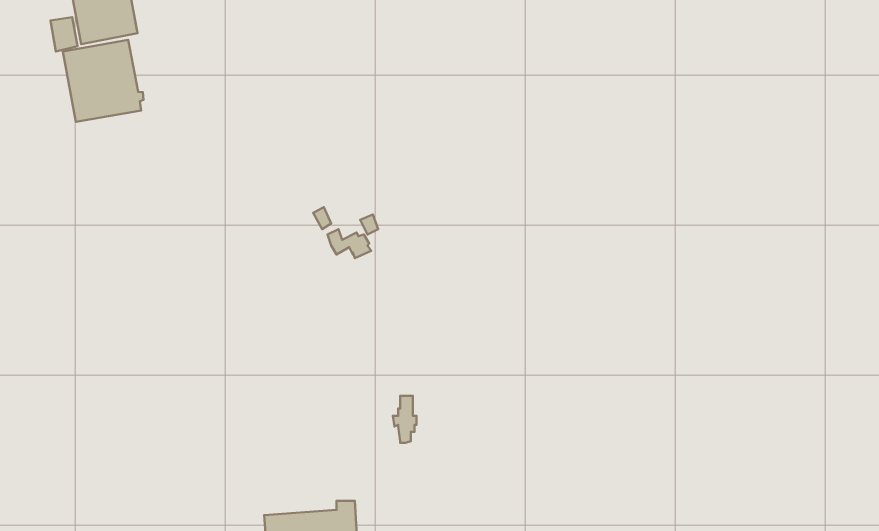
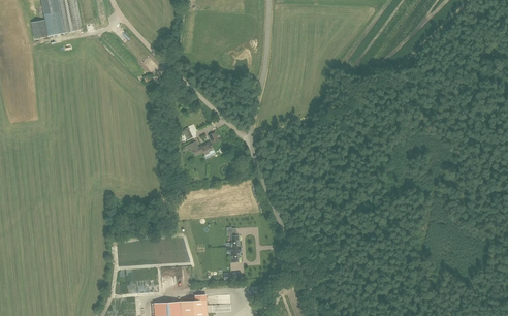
building: [63,40,144,122] -> none

